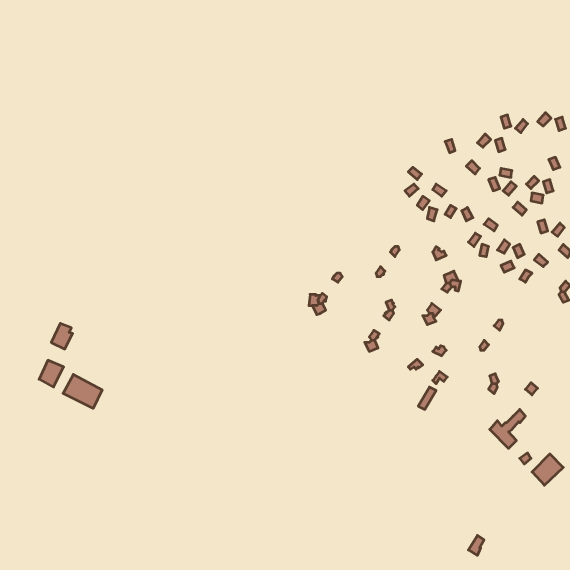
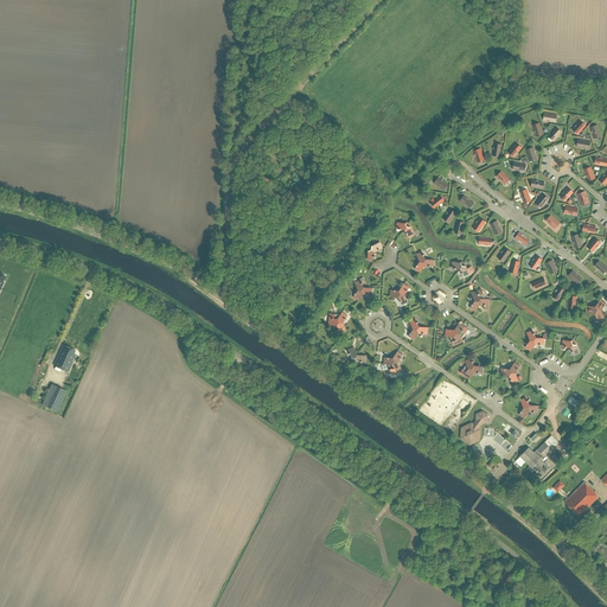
building: [63,374,102,408] -> none
building: none -> [460,410,488,446]

